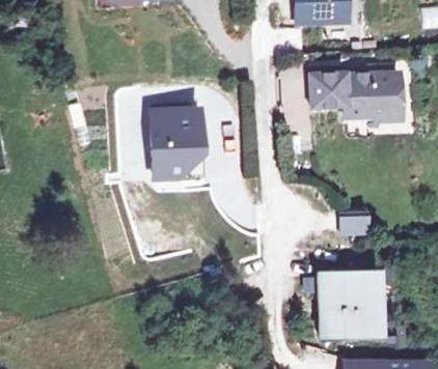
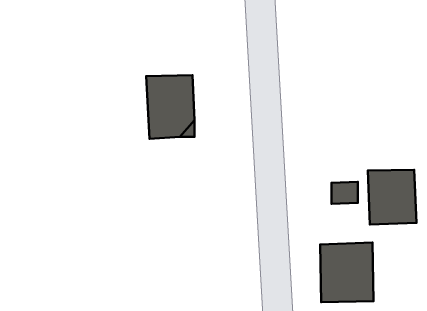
building: [310,76,399,121] -> none
building: none -> [368,170,416,225]

